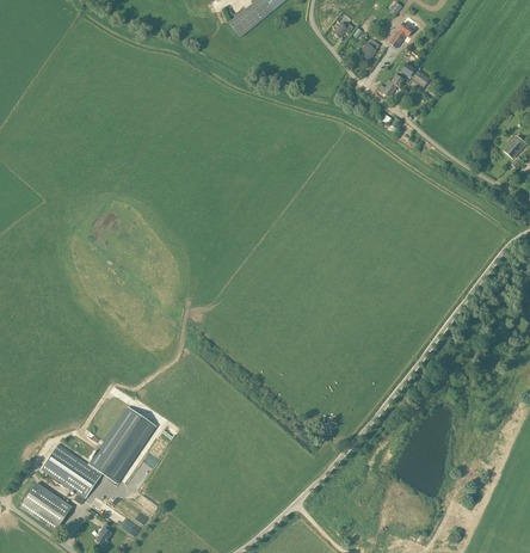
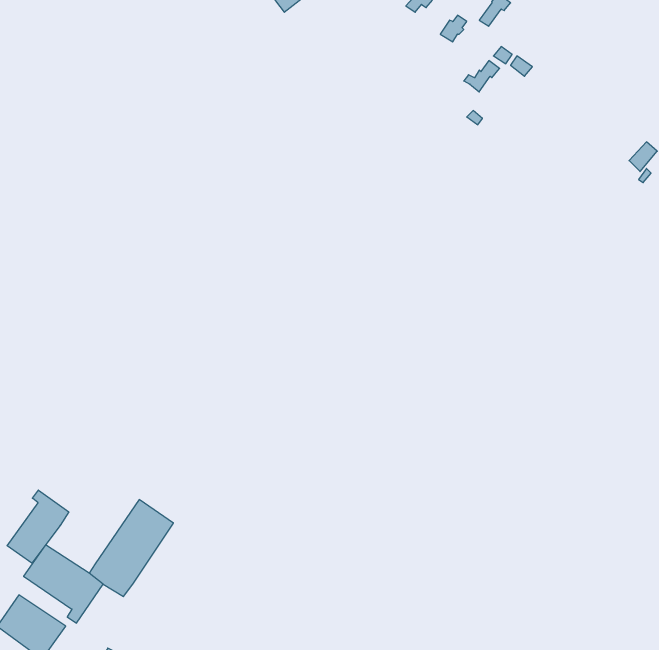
building: none -> [7,490,69,563]

